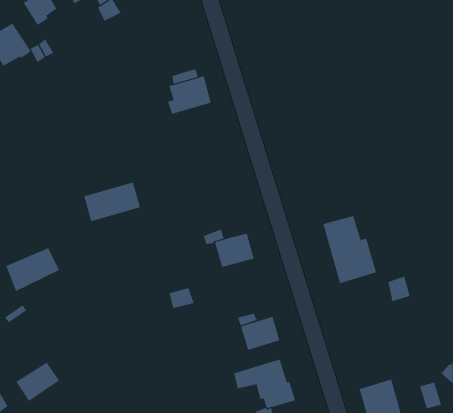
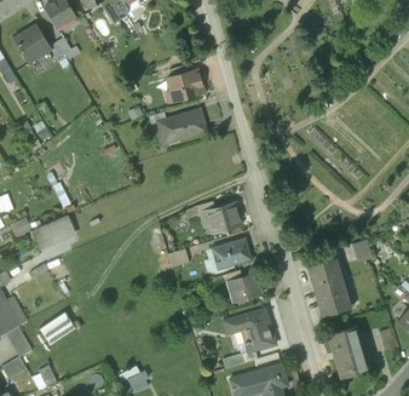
building: [83,182,141,222] -> [157,109,206,143]
building: [322,215,377,284] -> [307,258,353,316]
building: none -> [212,239,250,269]

